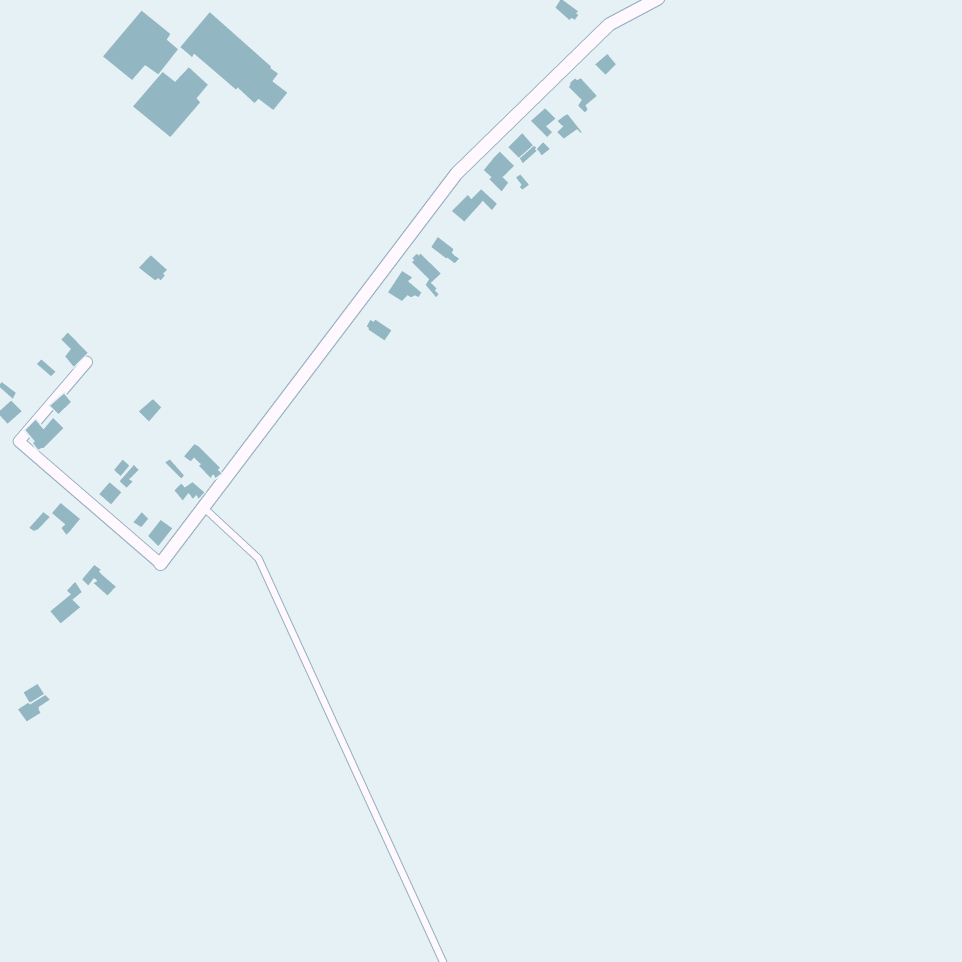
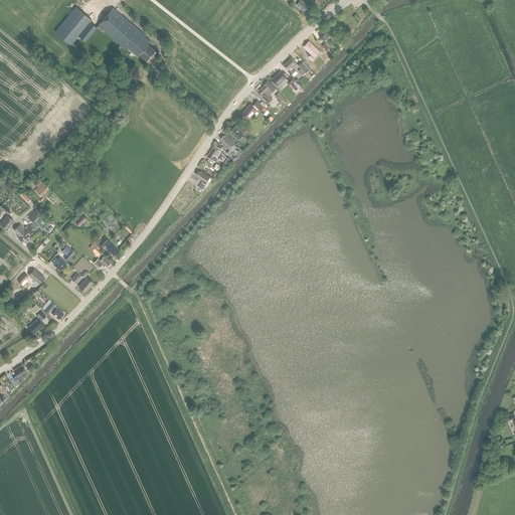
building: [132,66,209,138] -> none

